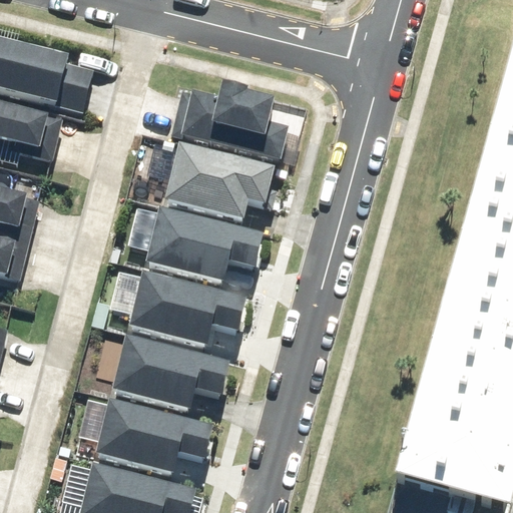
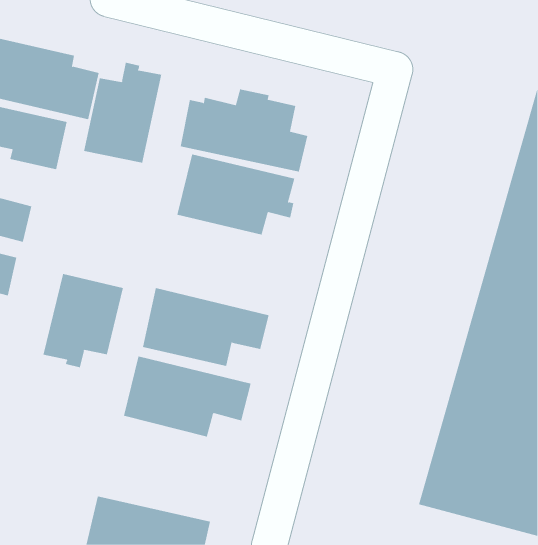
building: none -> [84,62,162,164]
building: [149,206,269,281] -> none
building: none -> [43,273,123,368]
building: [96,400,216,475] -> none

